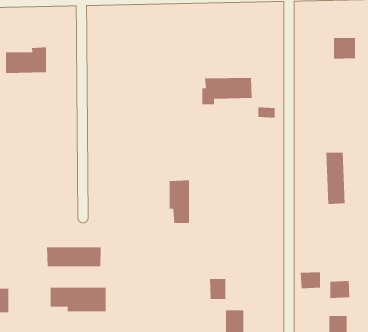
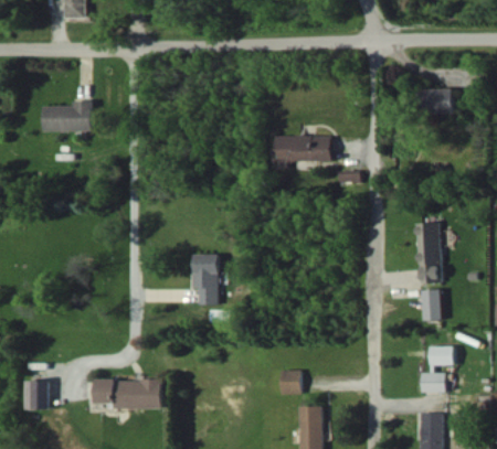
building: [169,180,190,223] -> [193,254,218,304]
building: none -> [422,289,441,320]
building: [46,247,101,267] -> none
building: [300,272,321,289] -> [429,345,453,365]

